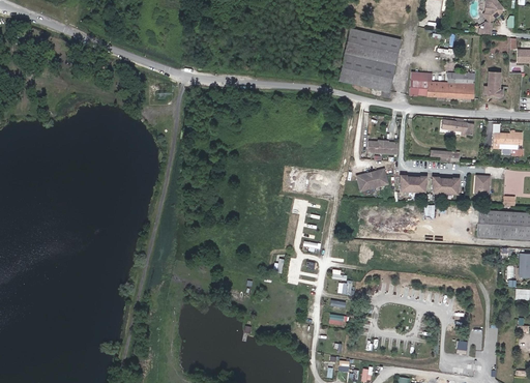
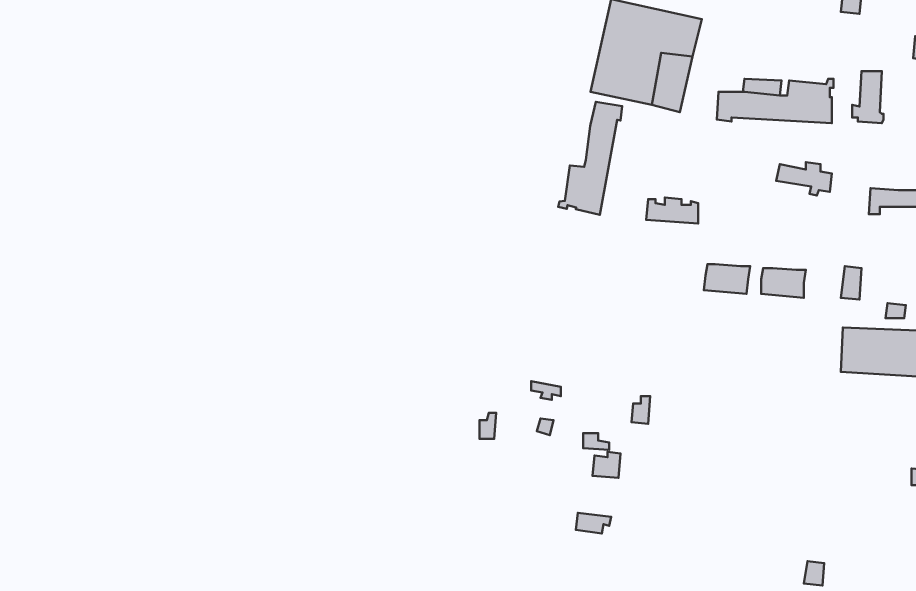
building: none -> [558,102,622,215]
building: [357,168,388,188] -> none

